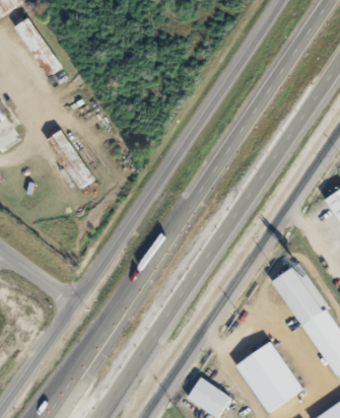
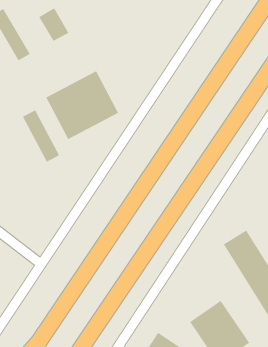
building: none -> [38,7,69,42]
building: none -> [45,70,119,140]

